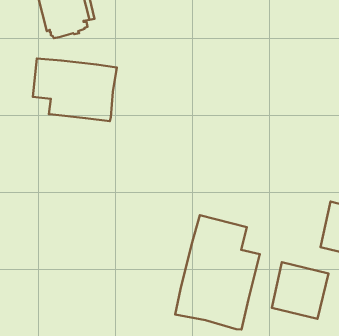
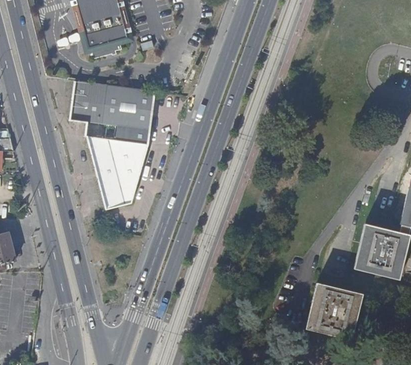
building: none -> [86,136,150,208]
building: [175,215,260,330] -> none

